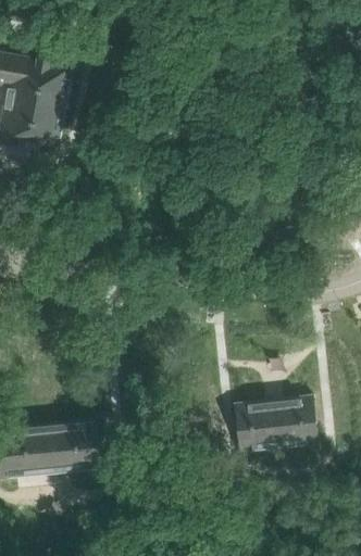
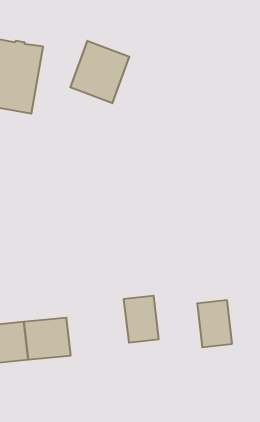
building: none -> [70,41,129,103]
building: [234,399,279,459] -> [124,296,159,343]

